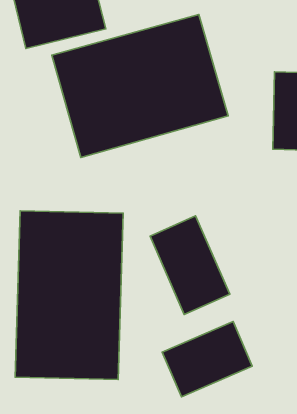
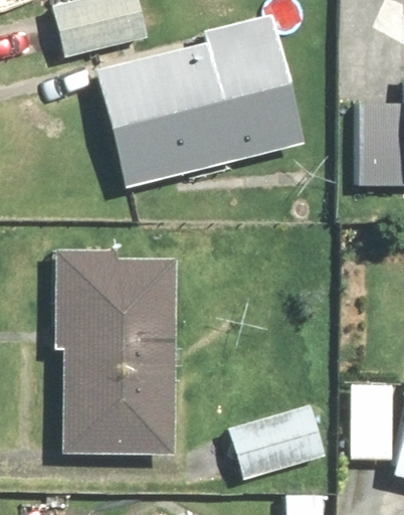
building: [150,216,230,315] -> none

